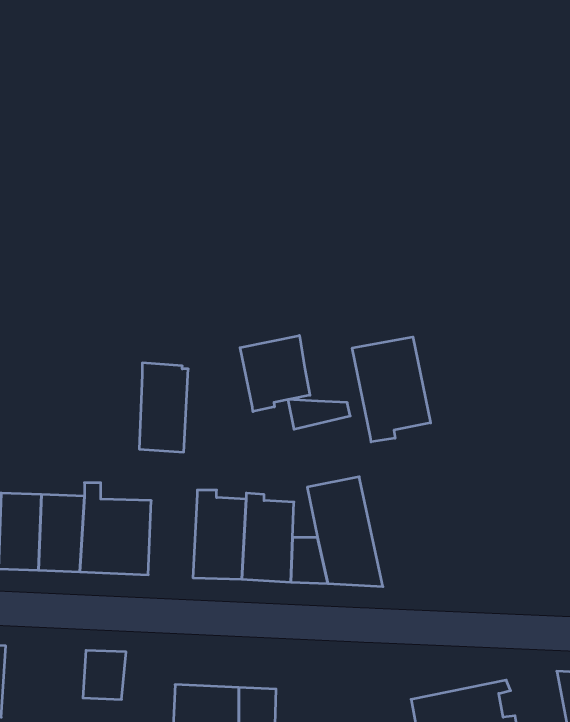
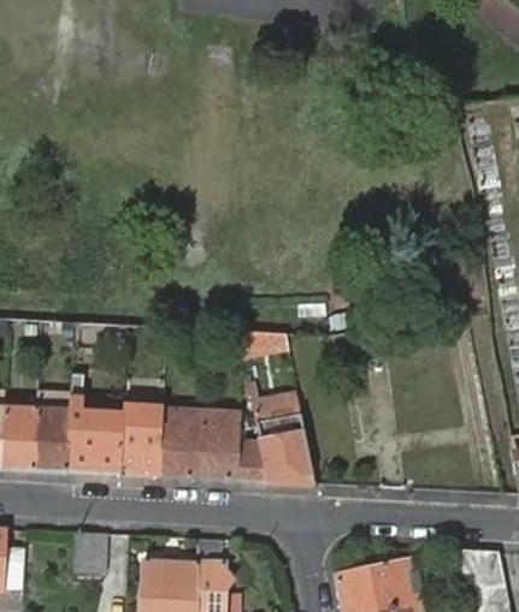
building: [240,335,310,412] -> none
building: [352,337,431,442] -> none
building: [139,363,188,452] -> [123,402,163,474]

